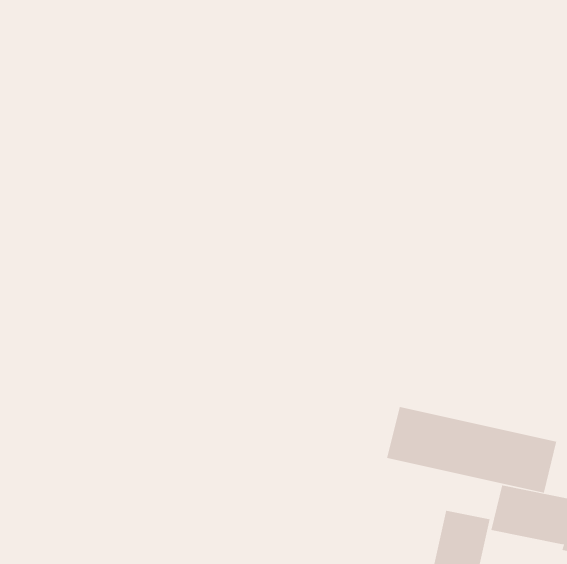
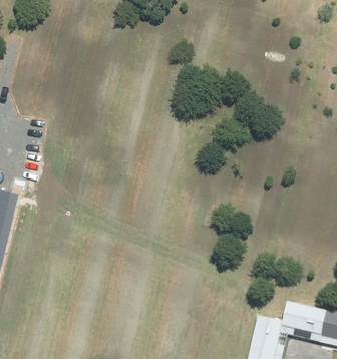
building: [387,406,557,493] -> none

